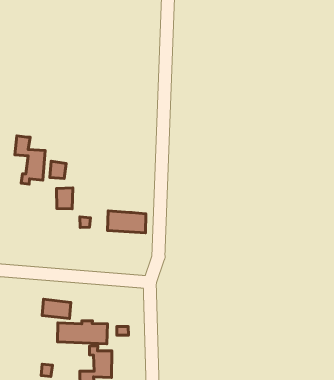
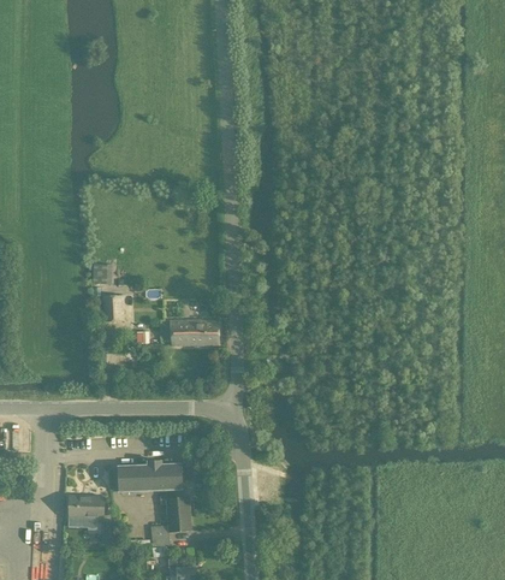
building: [15,136,45,184] -> none
building: [42,299,71,319] -> [69,496,103,517]

